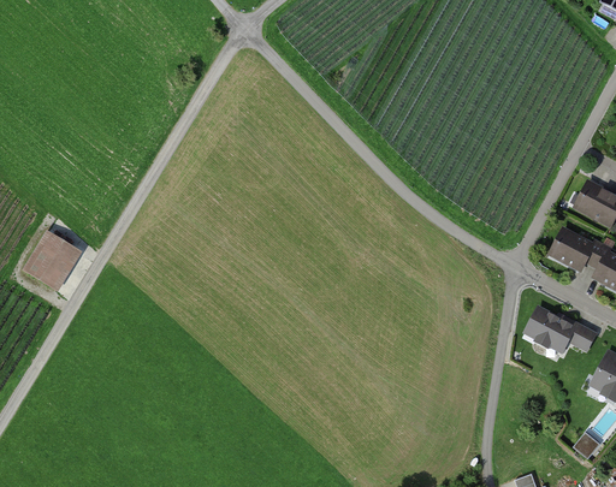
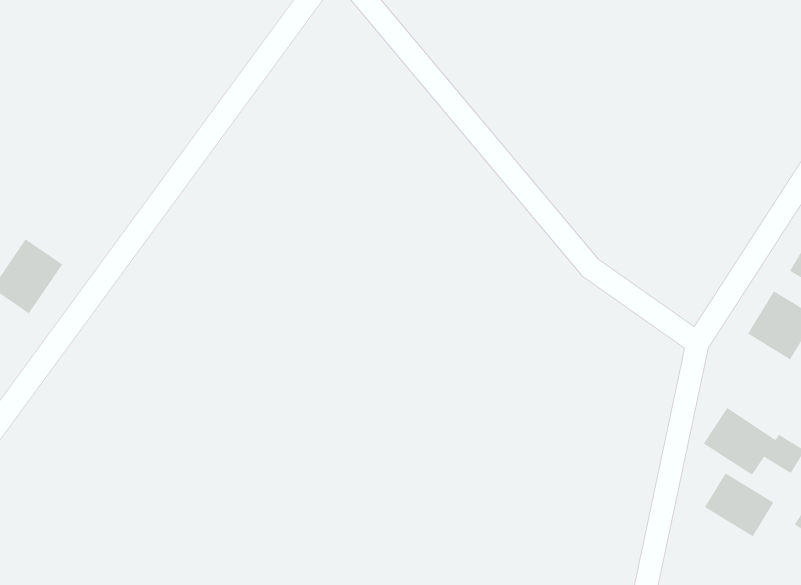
building: none -> [704,473,774,537]

